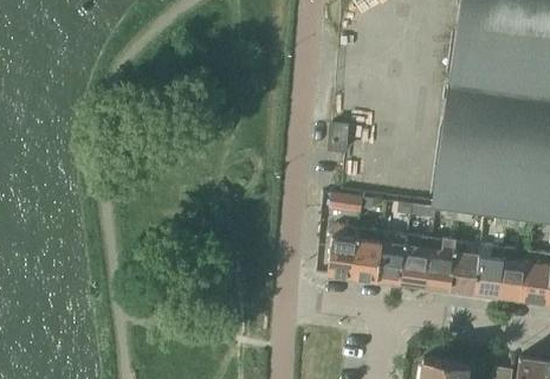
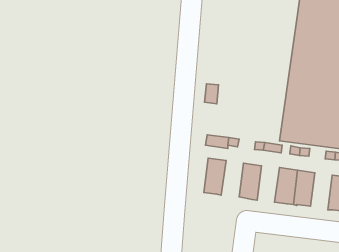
building: [351,229,382,278] -> none
building: [401,236,432,285] -> none
building: [474,245,504,296] -> none

